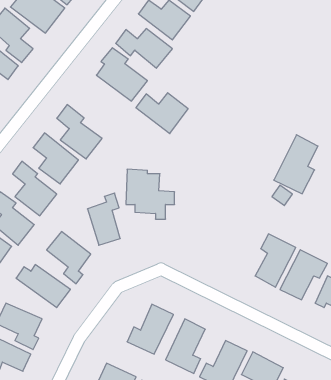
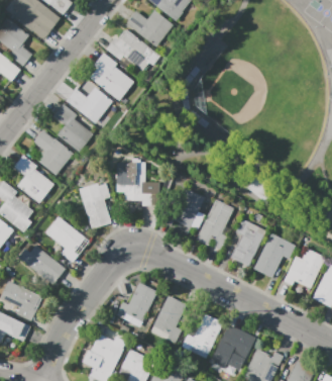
building: [136,93,188,134] -> [66,87,112,123]
building: [274,135,318,194] -> [195,198,234,251]
building: none -> [172,188,205,227]

